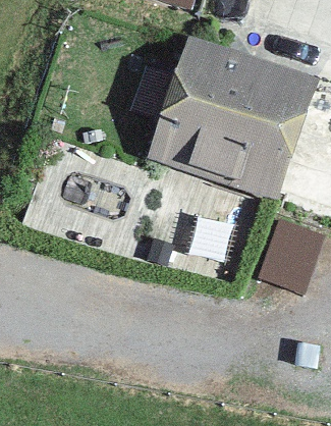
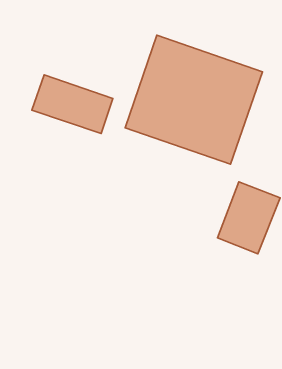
building: none -> [32,75,113,133]

